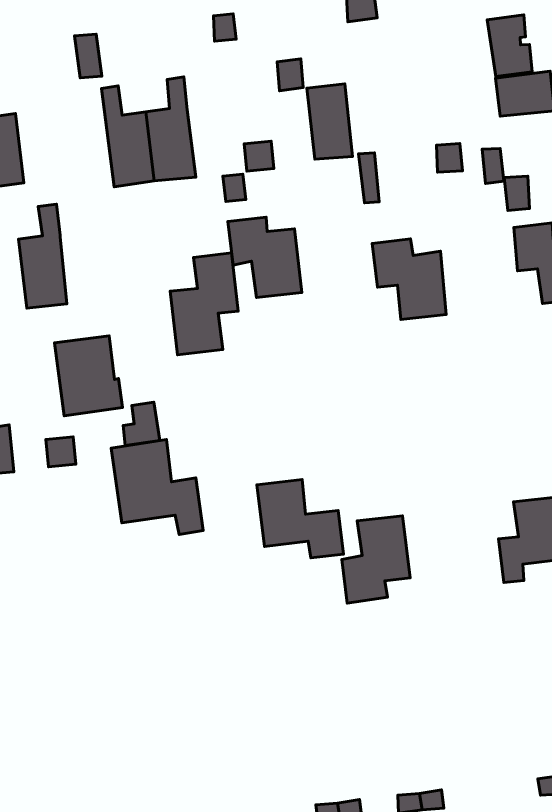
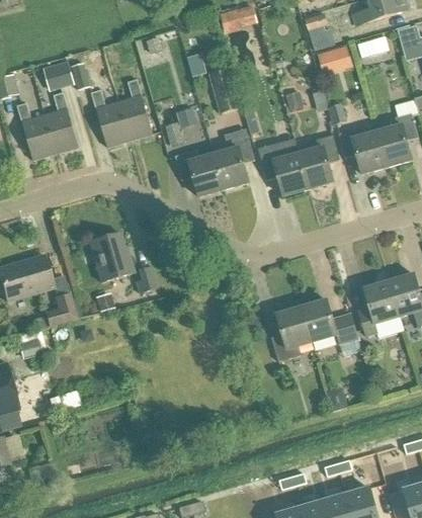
building: none -> [44,60,74,90]
building: [19,204,67,308] -> [45,91,78,153]
building: none -> [299,135,339,188]
building: [170,253,238,355] -> [214,126,254,189]
building: [111,439,203,535] -> none
building: [257,480,344,558] -> [302,299,357,343]

